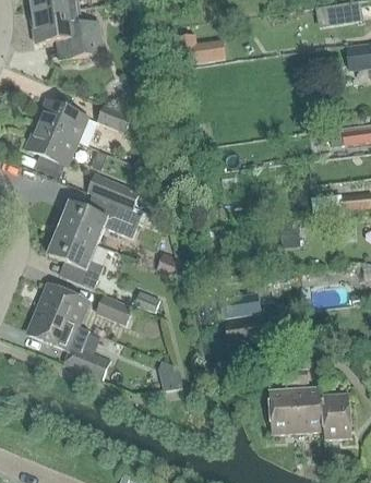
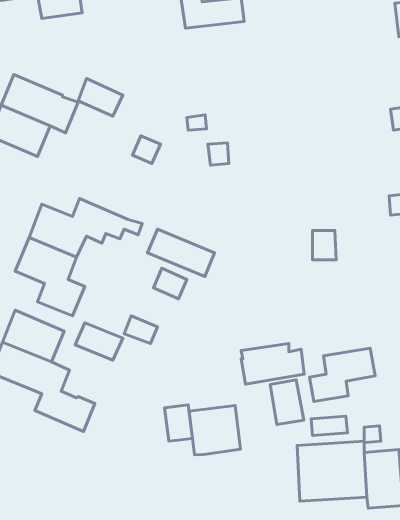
building: [85,173,137,210] -> [148,229,215,277]
building: none -> [310,348,375,401]
building: none -> [270,380,304,424]
building: none -> [189,405,241,455]

